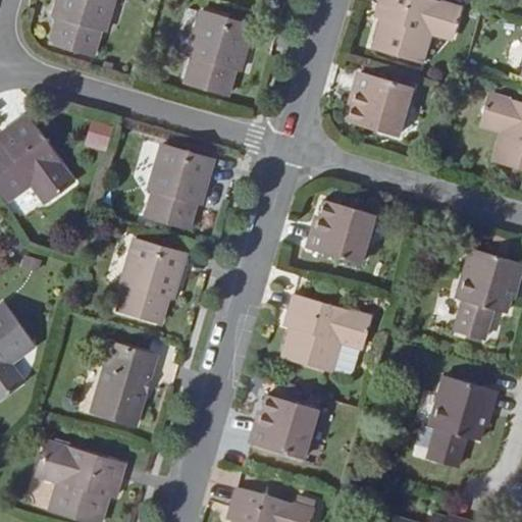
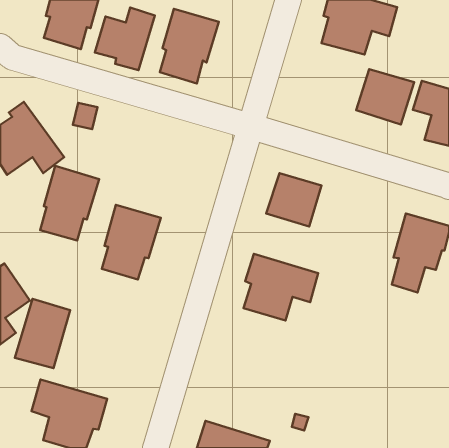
building: none -> [95,8,155,70]
building: [345,72,412,137] -> [356,69,414,124]
building: [146,144,214,230] -> [40,166,99,241]
building: [92,344,156,424] -> [15,299,70,368]
building: [427,375,498,467] -> none
building: [252,395,316,460] -> none

